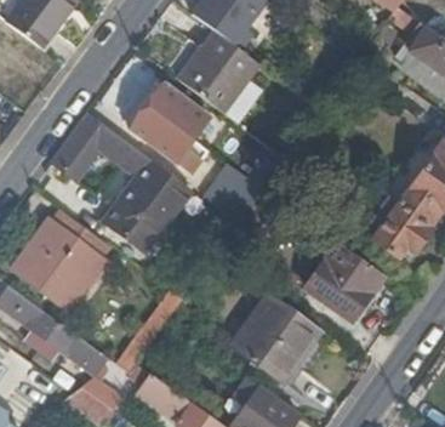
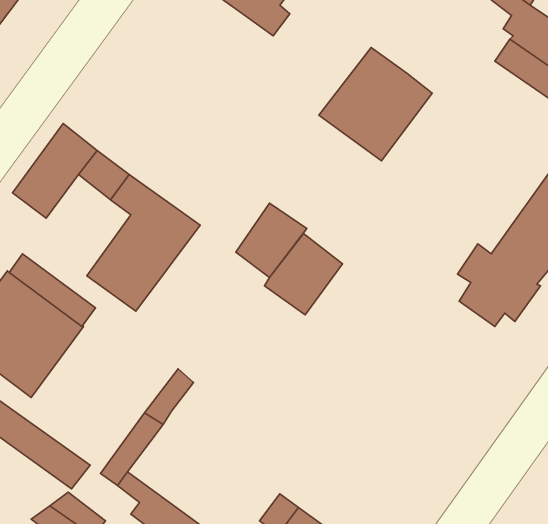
building: [177,30,258,112] -> [319,48,432,161]
building: [130,82,209,163] -> none
building: [307,243,386,321] -> none
building: [229,292,321,385] -> none

